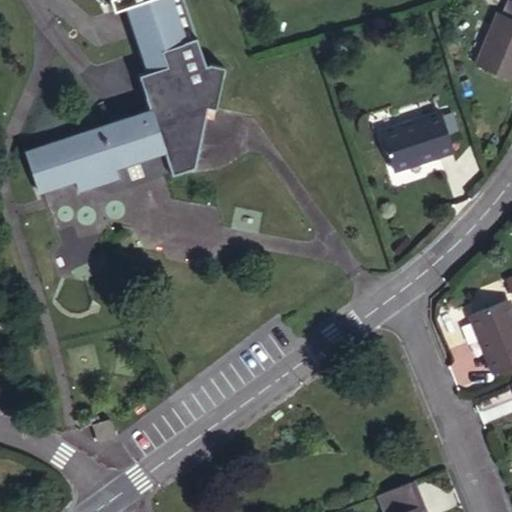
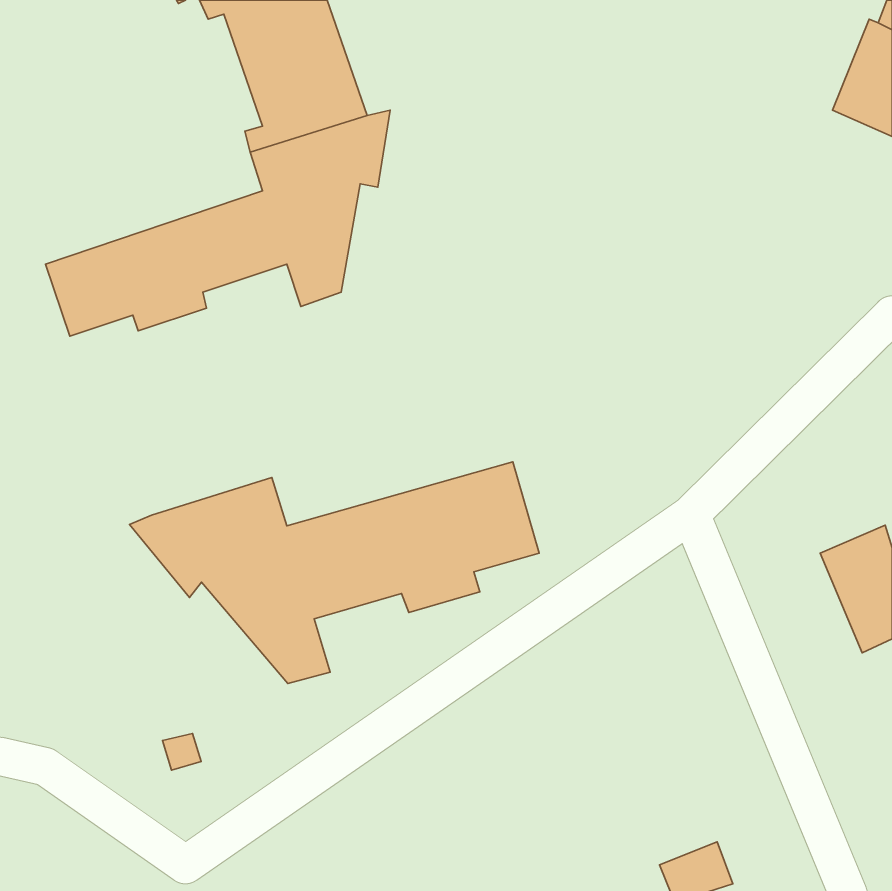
building: [381,114,453,170] -> none
building: none -> [129,462,539,684]

